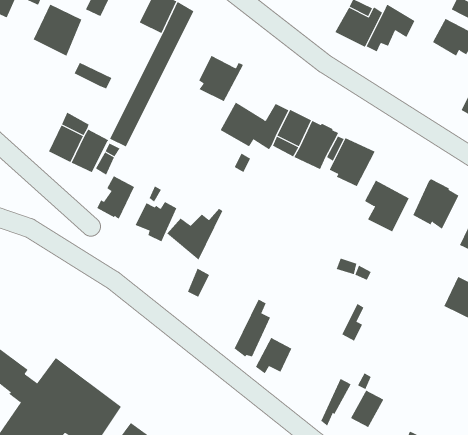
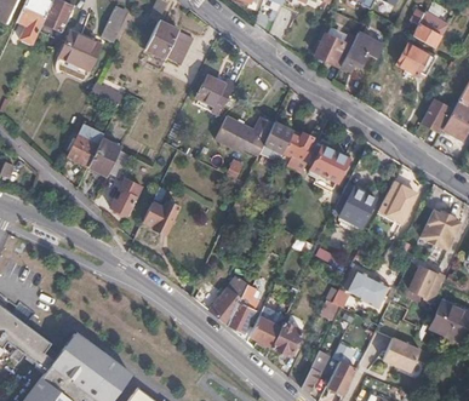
building: [166,208,223,260] -> [200,280,248,325]
building: none -> [345,268,391,310]
building: none -> [271,320,303,356]
building: none -> [382,333,419,370]

